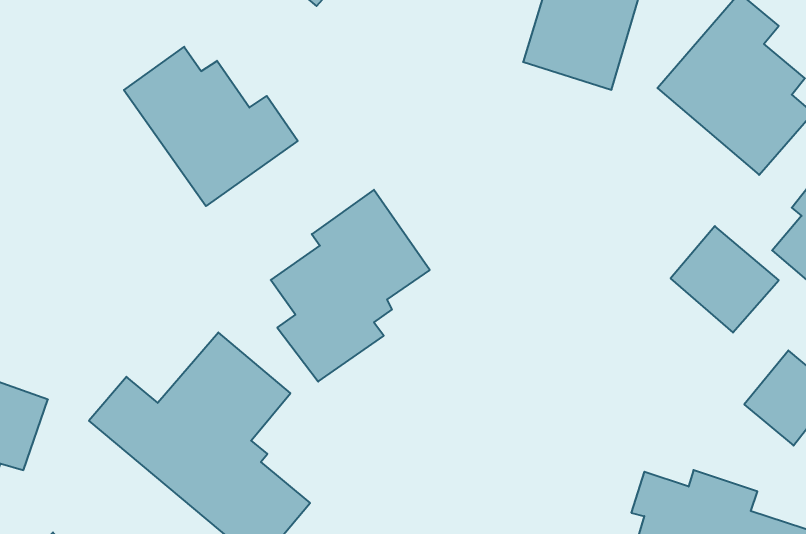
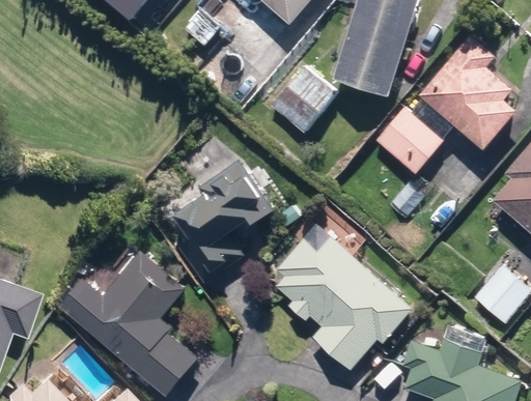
building: none -> [272,65,337,133]
building: [124,47,298,206] -> none
building: [671,226,779,333] -> [375,108,444,175]
building: none -> [274,234,412,369]

